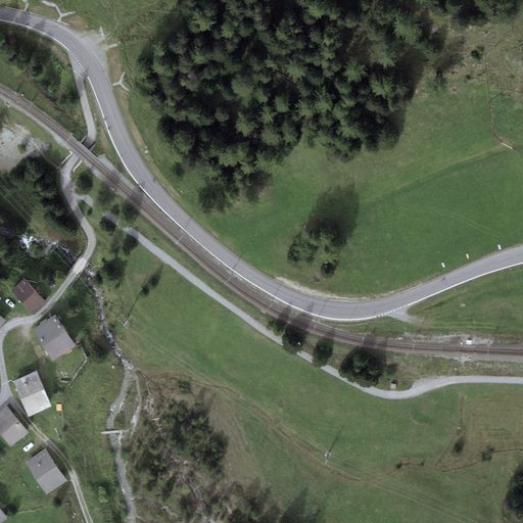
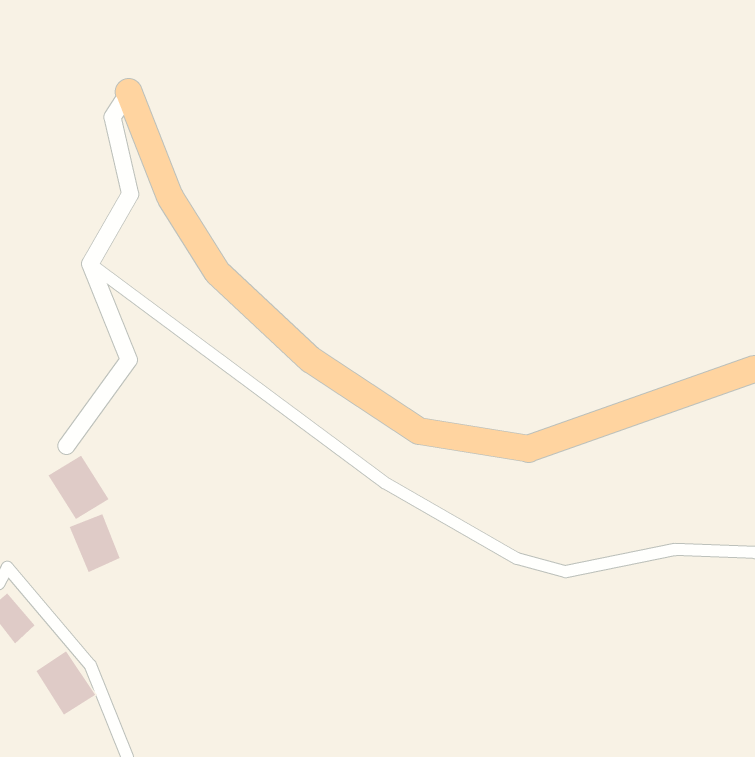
building: [10,278,47,314] -> none
building: [13,372,49,413] -> [69,514,121,573]

